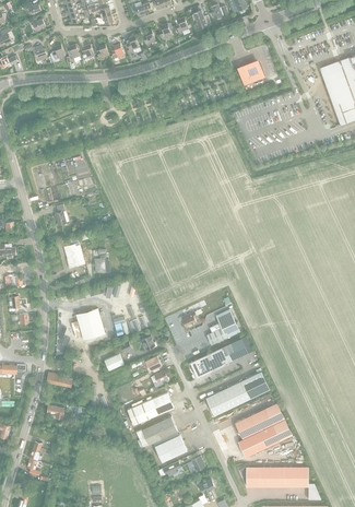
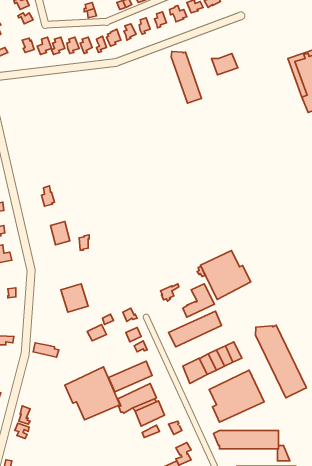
building: none -> [171,51,202,103]
building: none -> [201,251,251,299]
building: none -> [255,325,306,398]
building: none -> [65,367,120,420]

